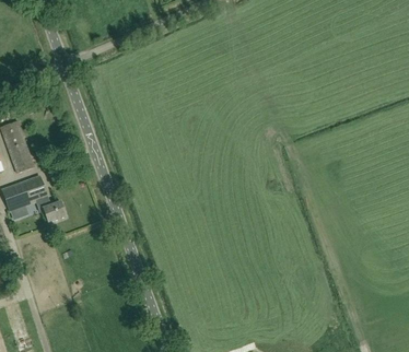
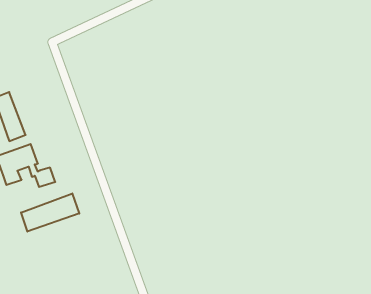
building: none -> [21,193,79,232]

